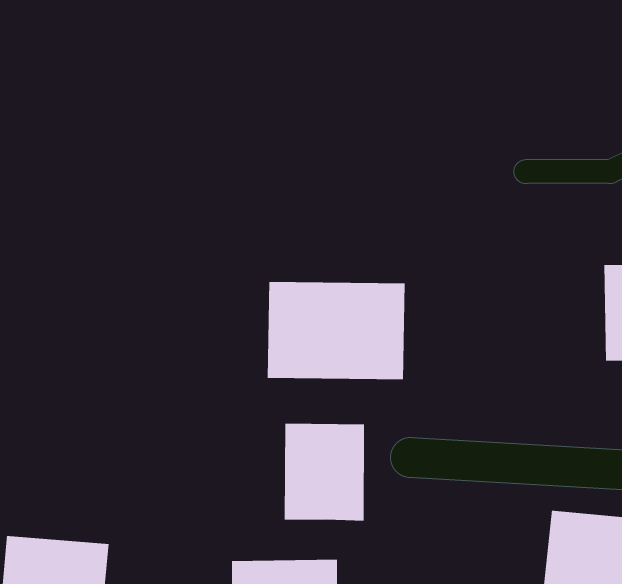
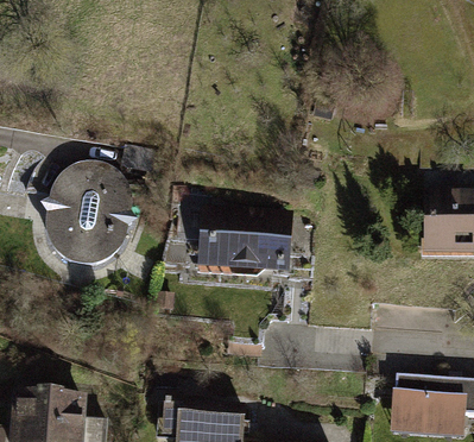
building: none -> [42,162,129,272]
building: [284,423,364,521] -> none

